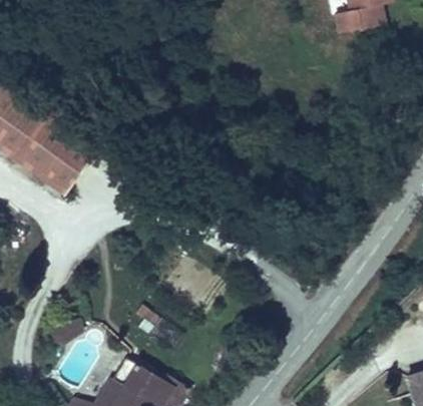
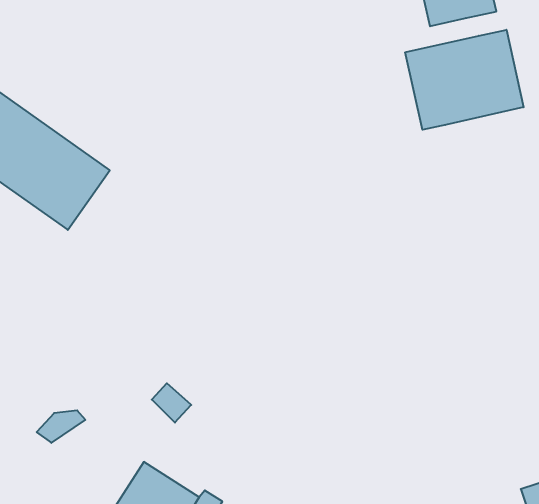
building: none -> [405,30,524,130]

